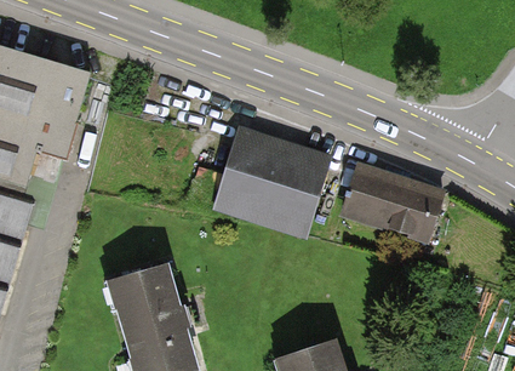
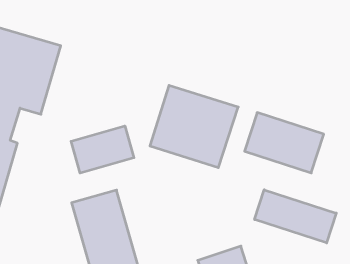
building: none -> [71,126,134,173]
building: none -> [255,190,336,243]

